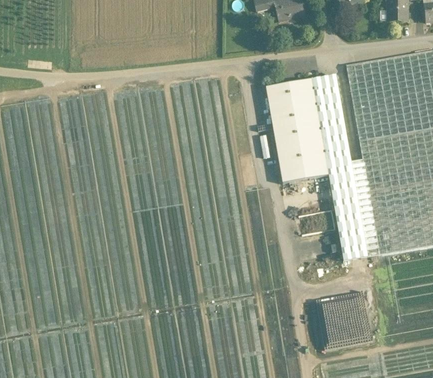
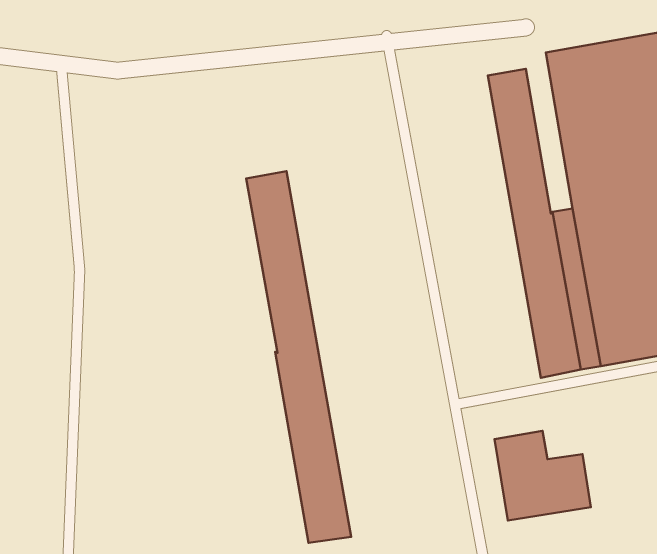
building: [267,78,329,183] -> none
building: none -> [246,171,351,543]

